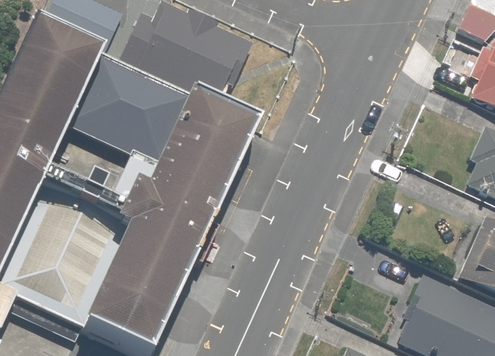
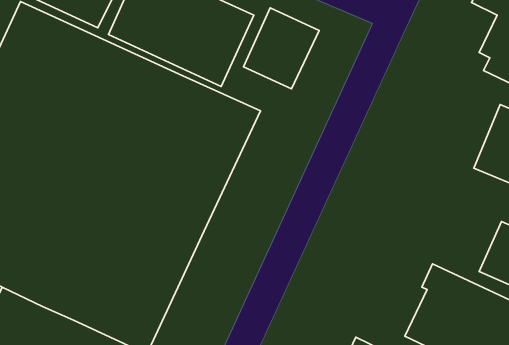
building: none -> [243,8,319,89]

